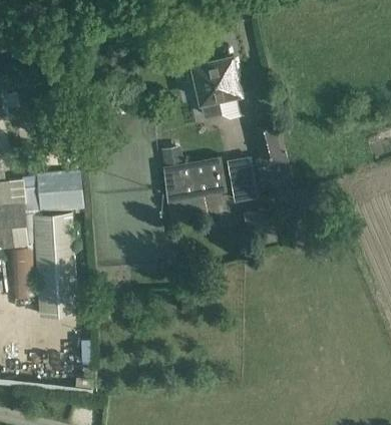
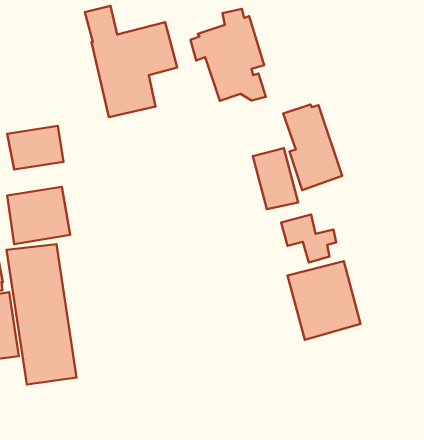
building: none -> [7,126,64,170]
building: [160,141,227,226] -> [85,6,177,117]
building: none -> [288,261,361,340]

